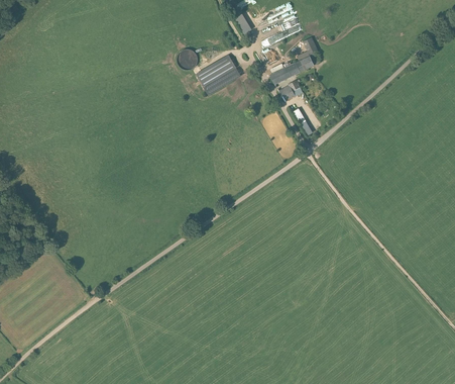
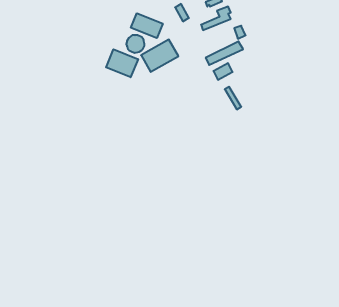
building: none -> [131,13,163,38]
building: none -> [106,49,138,77]

